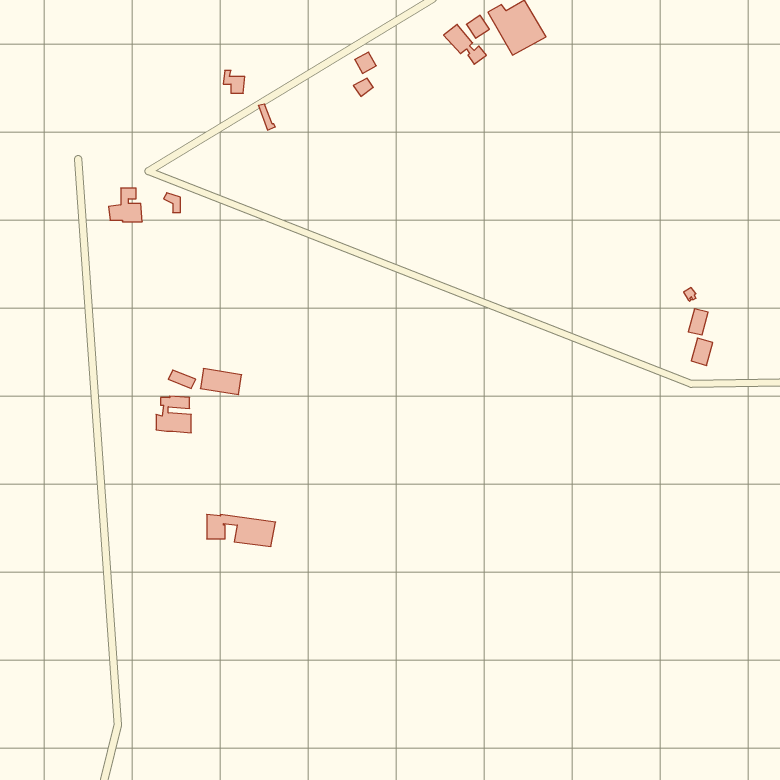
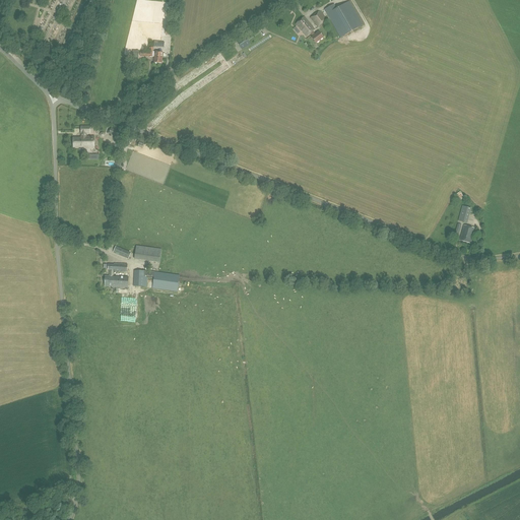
building: [207,514,276,546] -> [133,269,179,290]

